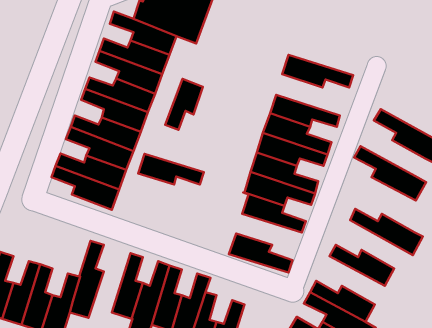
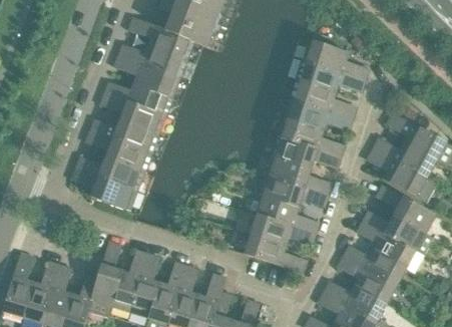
building: none -> [302,39,368,79]
building: none -> [290,78,356,118]
building: [165,79,203,130] -> none
building: none -> [372,137,435,178]
building: [138,154,204,185] -> [251,215,315,245]
building: none -> [375,185,435,233]
building: none -> [356,221,423,272]
building: none -> [106,250,147,317]
building: none -> [337,256,396,303]

